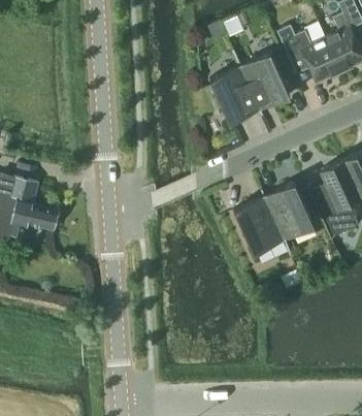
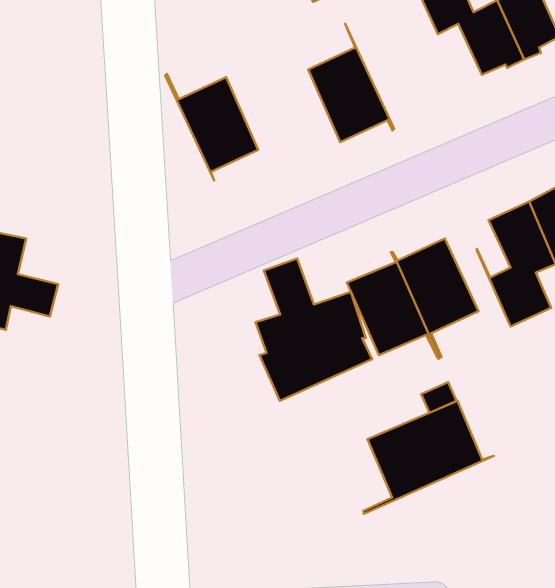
building: [232,51,289,116] -> [165,74,258,180]
building: none -> [255,258,372,401]
building: none -> [364,401,494,514]

